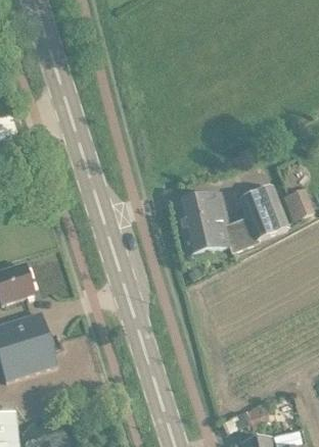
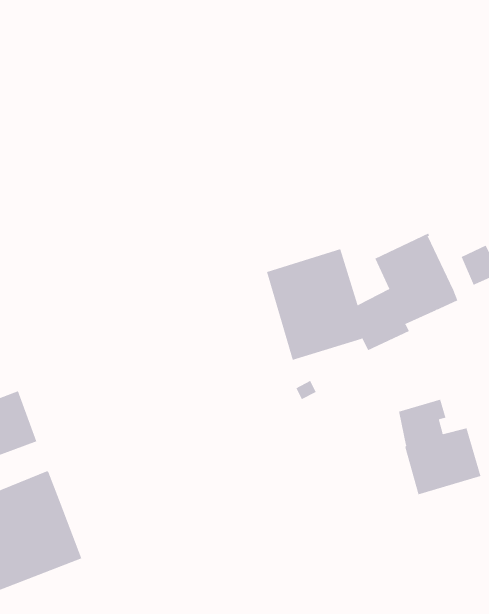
building: none -> [398,399,481,495]

